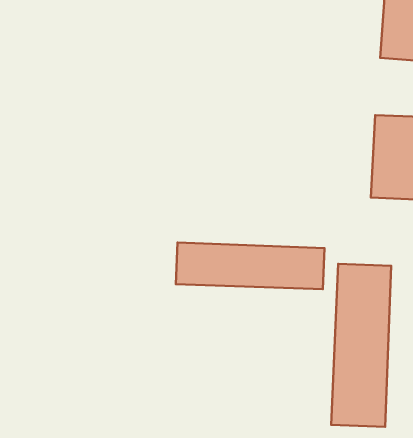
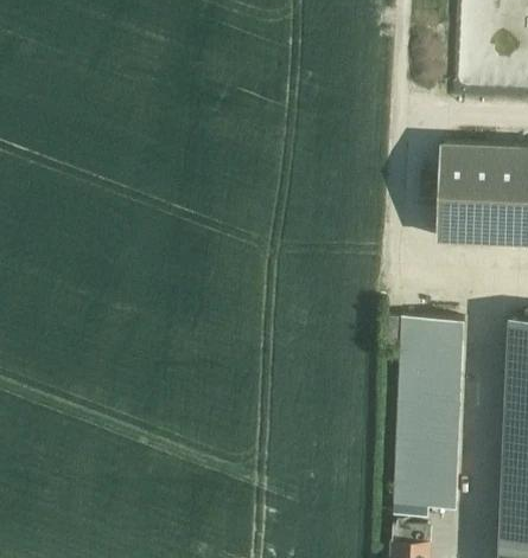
building: [176,243,324,289] -> none

